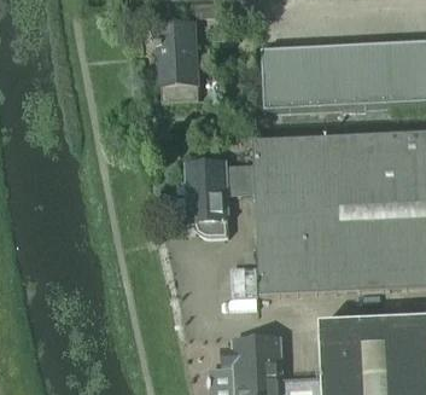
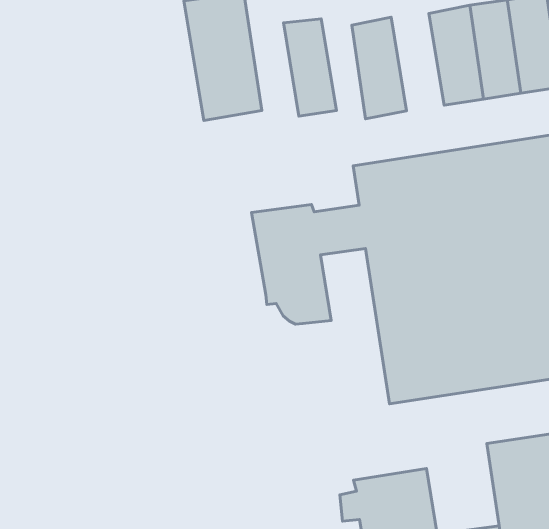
building: [287,47,315,108] -> [284,19,336,116]

